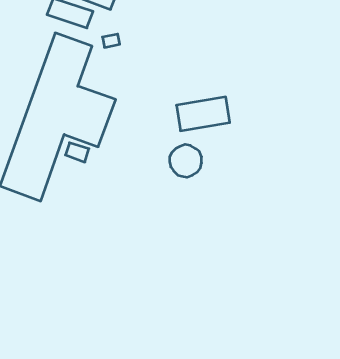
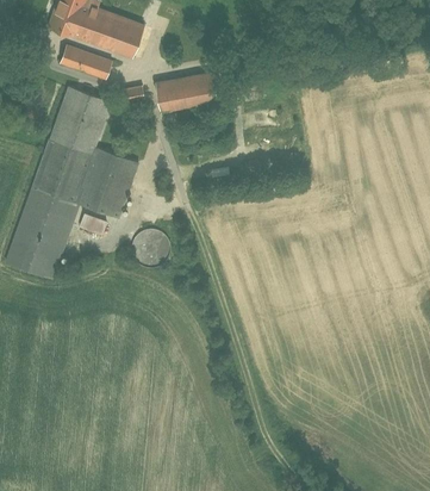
building: [176,97,230,131] -> [156,74,218,113]
building: [170,144,202,177] -> [131,229,168,267]

